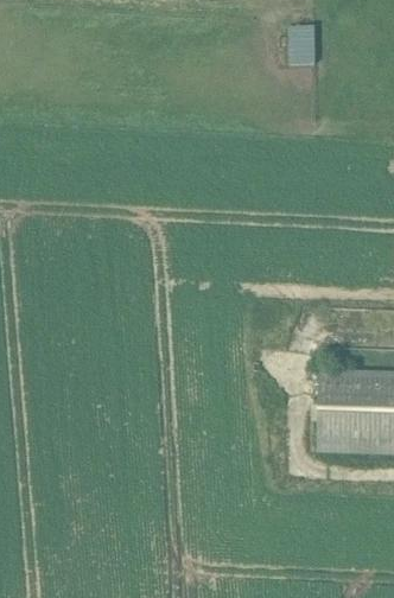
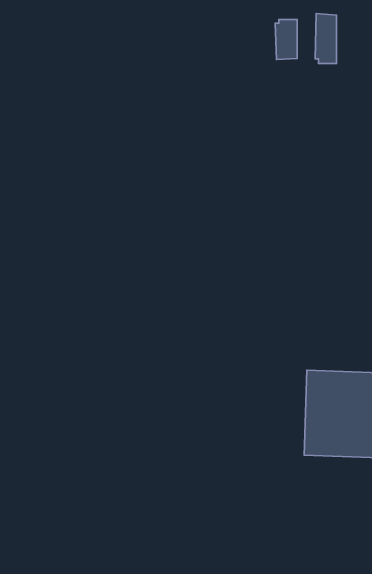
building: none -> [315,14,337,63]

